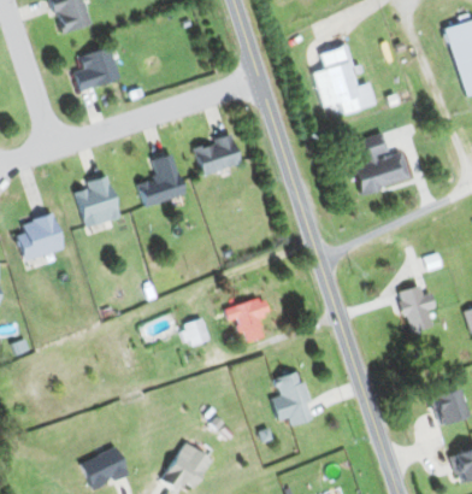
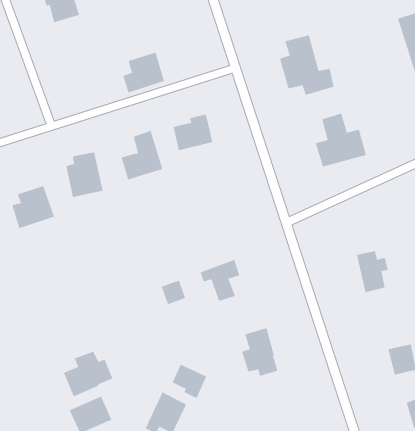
building: [73,46,120,92] -> [123,52,165,93]
building: none -> [63,351,113,397]
building: none -> [172,364,207,399]

